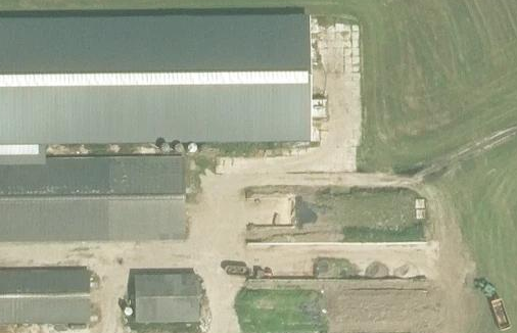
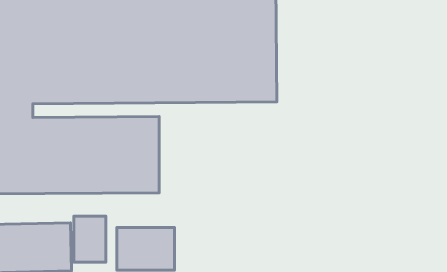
building: none -> [74,216,106,262]

